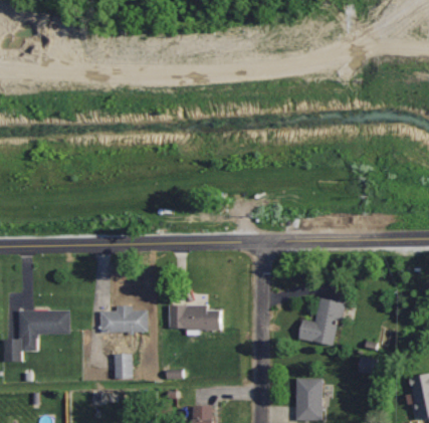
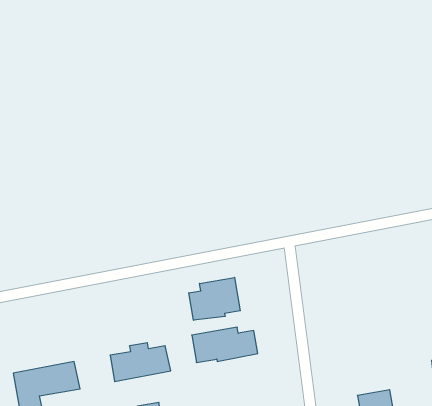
building: none -> [189,277,240,320]
building: [298,297,346,347] -> none

